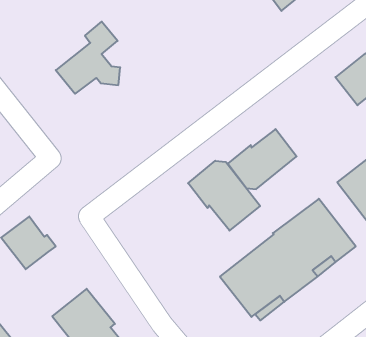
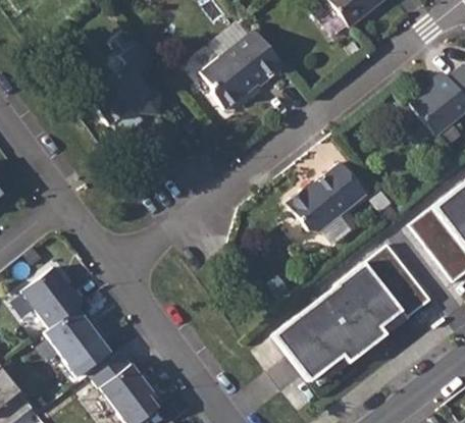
building: none -> [199,29,281,109]
building: [188,161,260,231] -> none
building: none -> [44,306,110,374]

